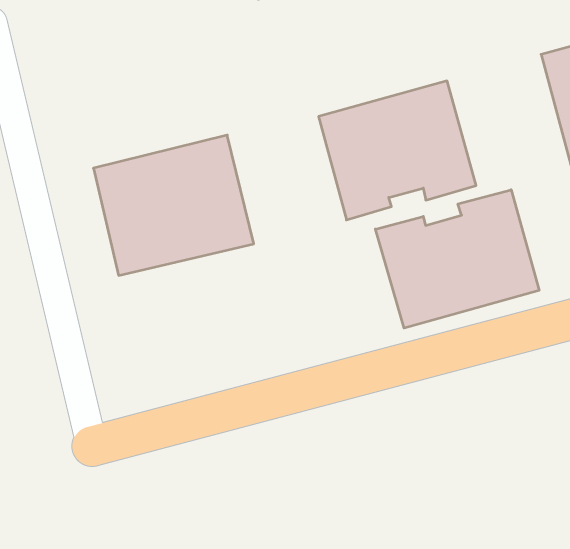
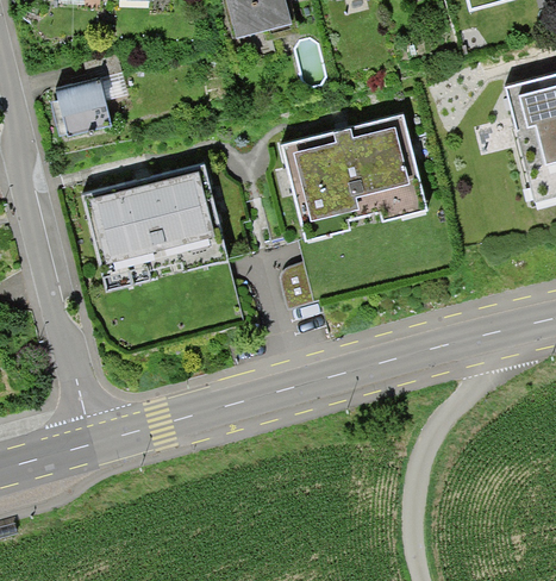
building: none -> [54,74,123,133]
building: [375,190,539,328] -> none

